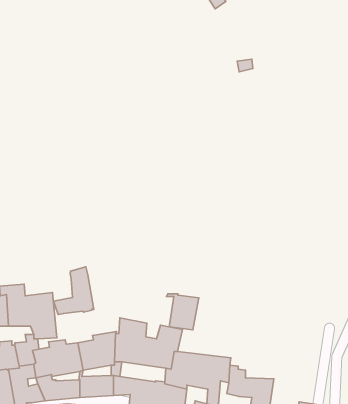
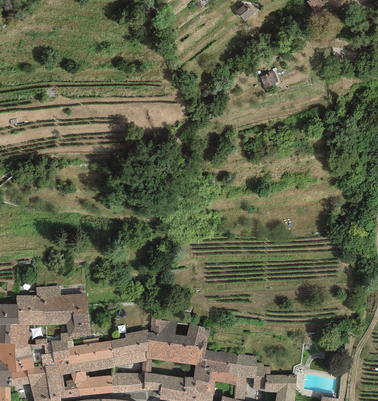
building: [53,267,94,314] -> none
building: [166,294,199,330] -> none

